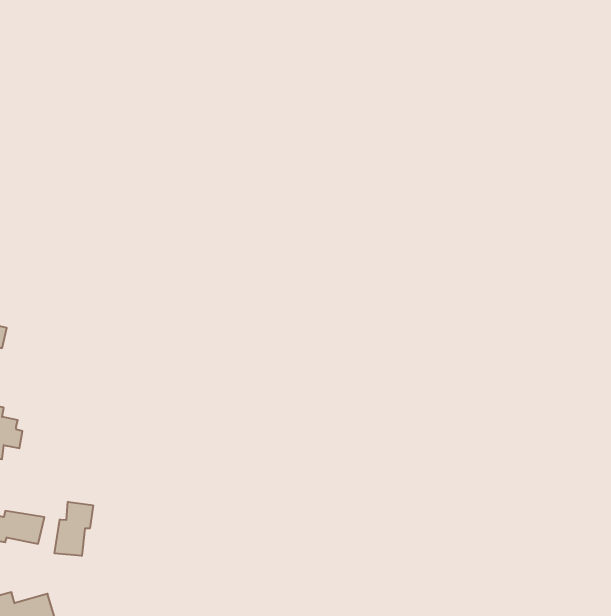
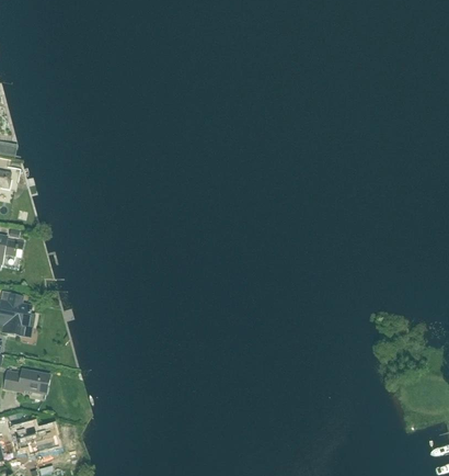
building: [55,502,93,556] -> none

